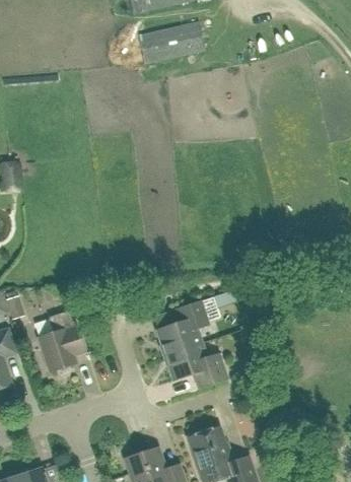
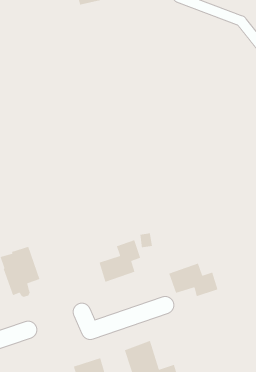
building: [138,21,205,64] -> none
building: [164,342,226,385] -> [168,263,218,297]

